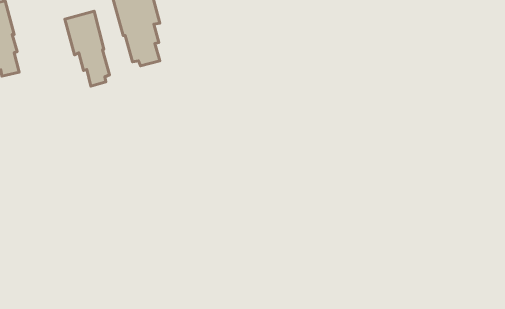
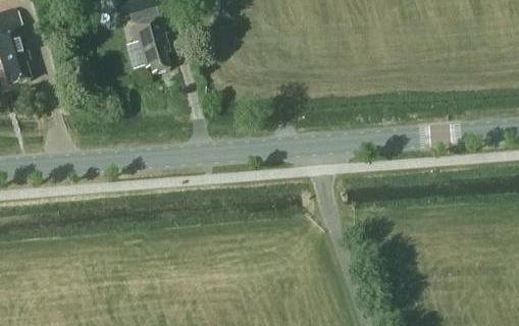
building: [65,11,109,86] -> none

